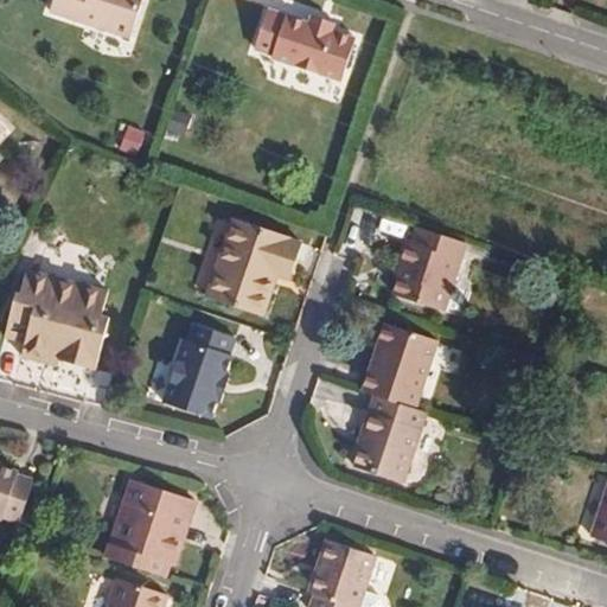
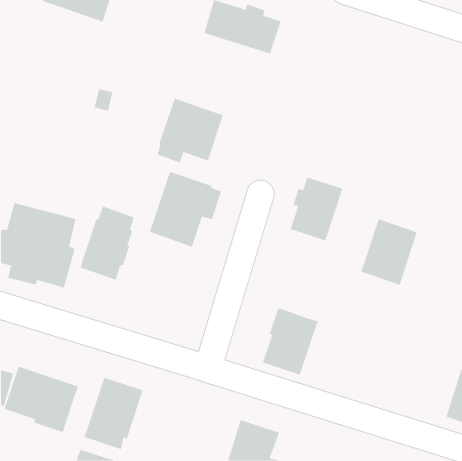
building: none -> [157,98,223,163]
building: [358,324,432,410] -> [361,218,418,286]
building: [162,326,234,422] -> [79,206,135,281]
building: none -> [4,366,79,433]

